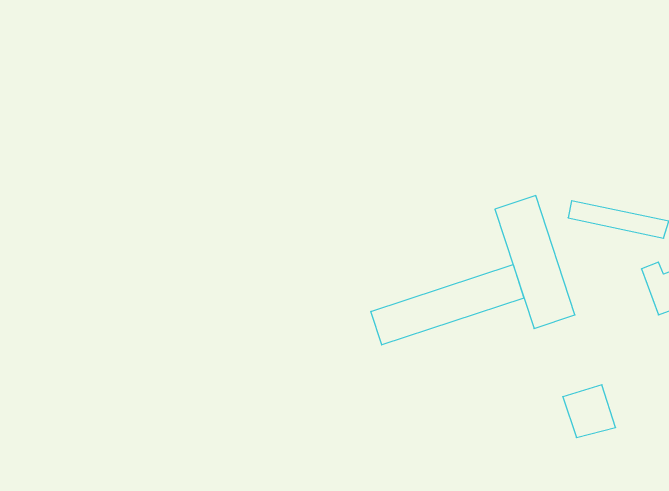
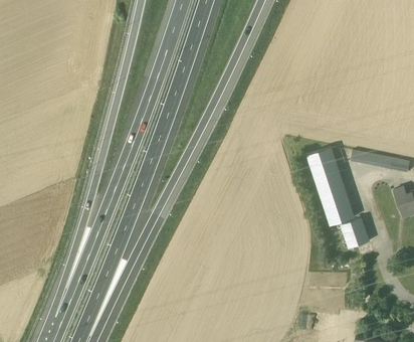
building: [371,265,524,345] -> none
building: [563,385,616,438] -> [340,217,371,248]

